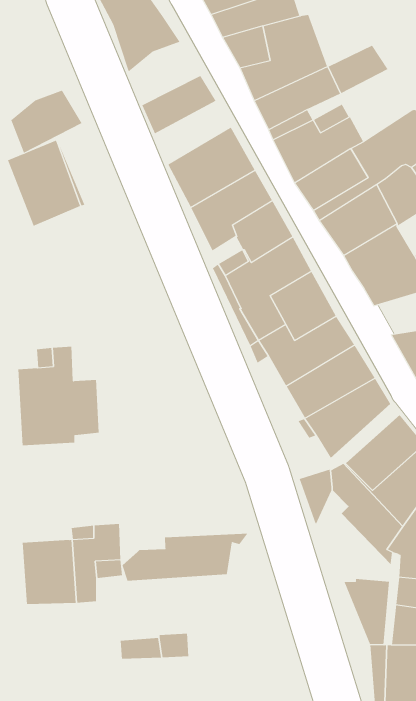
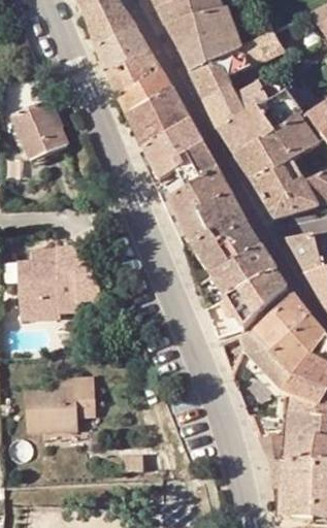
building: [10,90,83,153] -> [100,30,152,75]
building: none -> [119,72,173,118]
building: [122,533,248,582] -> none

